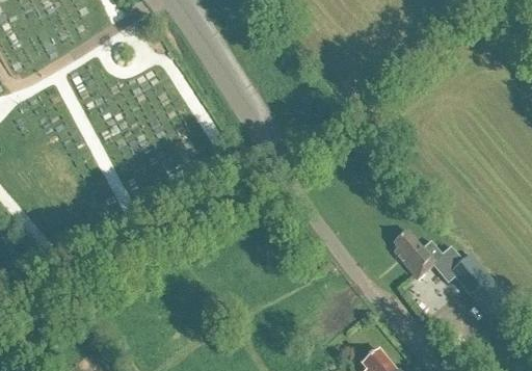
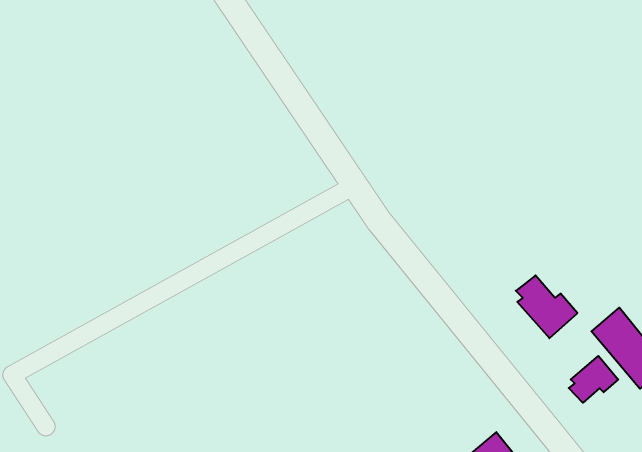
building: none -> [569,356,618,403]

